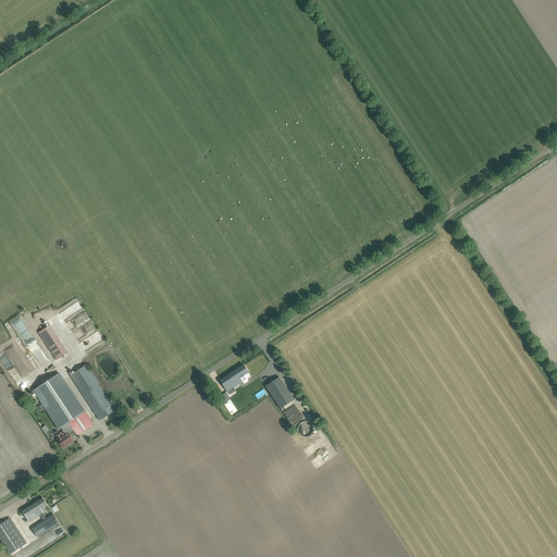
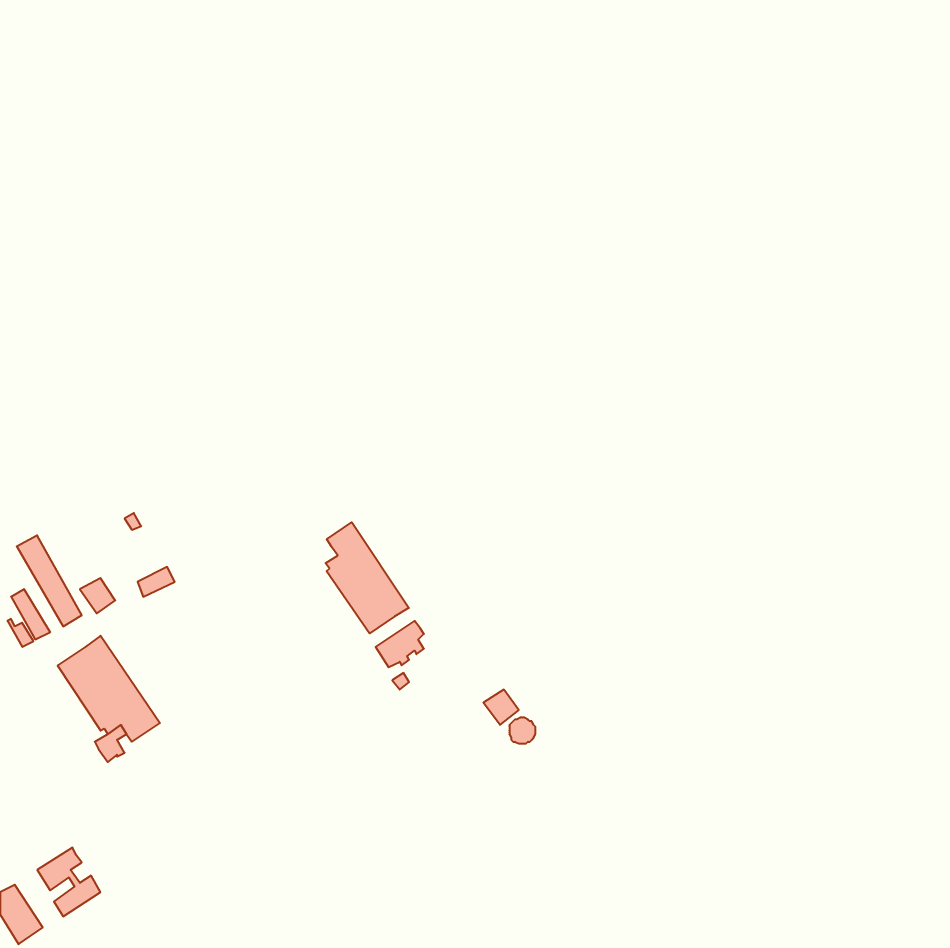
building: none -> [326,522,409,633]
building: [71,364,119,419] -> none
building: [265,375,295,408] -> none

